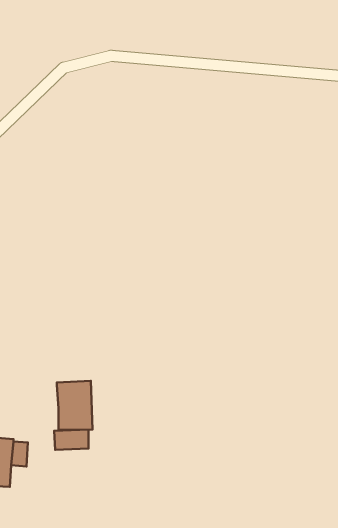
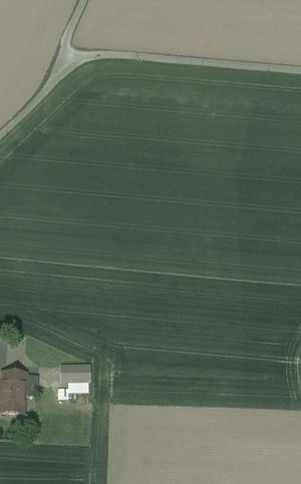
building: [57,381,92,430] -> none

